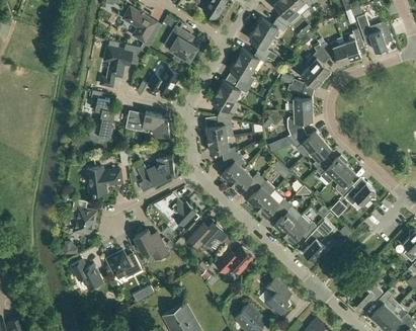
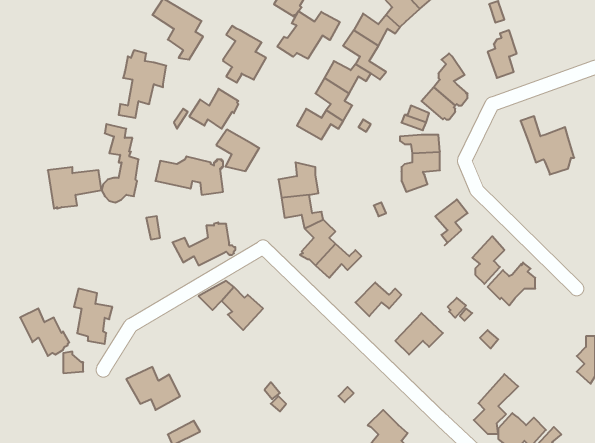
building: [355,13,391,52] -> [520,116,574,175]
building: none -> [277,11,340,59]
building: [320,42,349,64] -> none
building: [211,91,239,118] -> [216,130,259,171]
building: [286,130,323,156] -> none
building: [315,155,347,183] -> none
building: [86,167,121,194] -> [48,167,102,209]
building: [247,177,273,208] -> none
building: [273,202,300,233] -> none
building: [303,221,332,260] -> [474,374,518,434]
building: [188,222,227,249] -> none
building: [134,229,167,259] -> none
building: [215,246,252,273] -> none
building: [70,258,102,289] -> [20,308,69,356]

